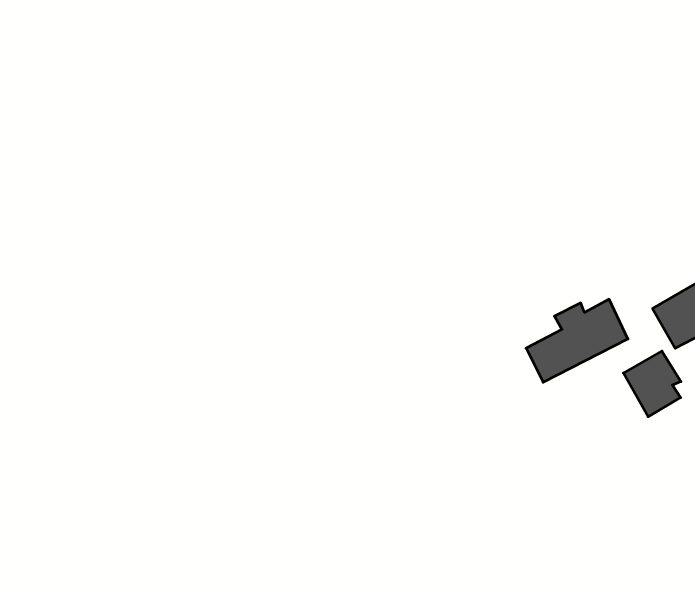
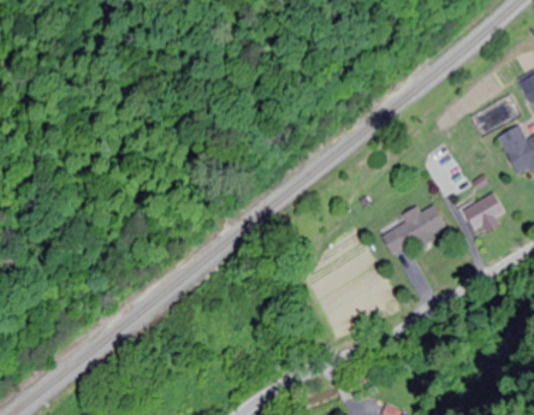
building: [623,351,681,417] -> none

